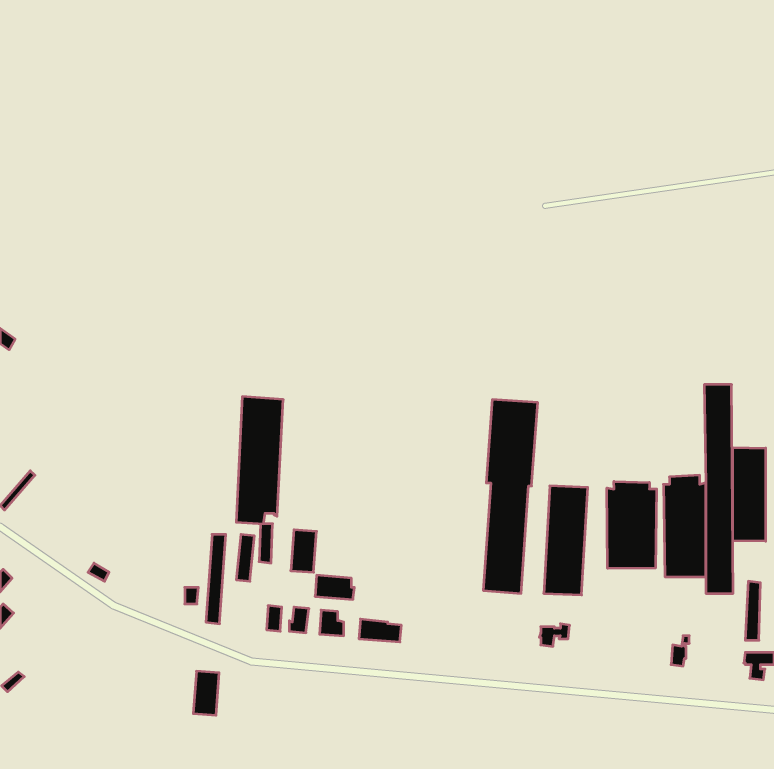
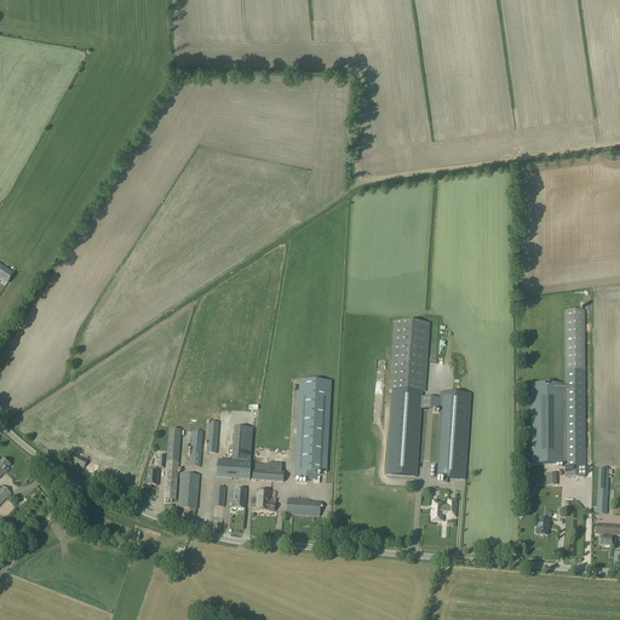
building: [236,397,283,524] -> [294,377,332,478]
building: [733,448,766,541] -> none
building: [607,481,657,568] -> none
building: none -> [217,458,251,477]
building: [193,671,219,715] -> [179,472,200,507]

